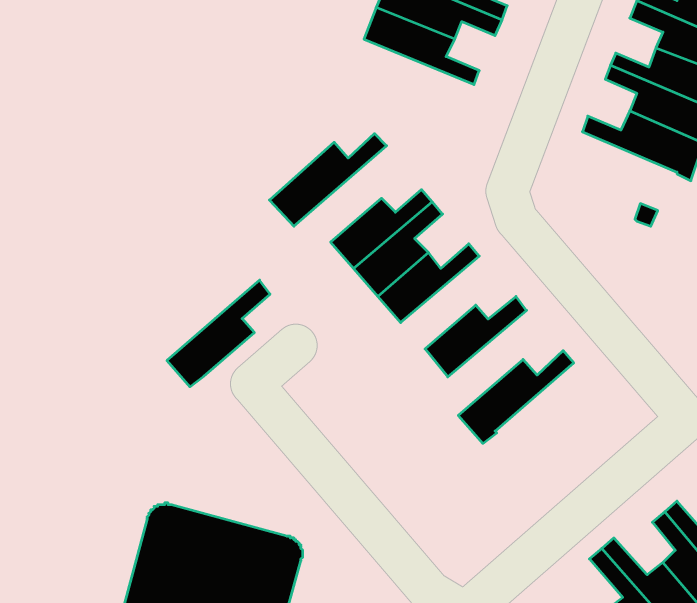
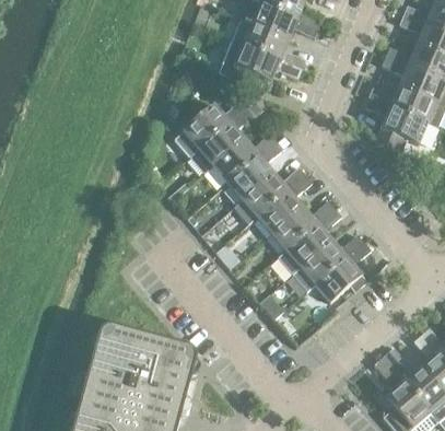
building: none -> [218,38,302,81]
building: none -> [365,96,429,150]
building: none -> [256,174,313,232]
building: [167,280,270,387] -> [189,105,254,172]
building: none -> [277,208,341,273]
building: none -> [315,241,371,301]

